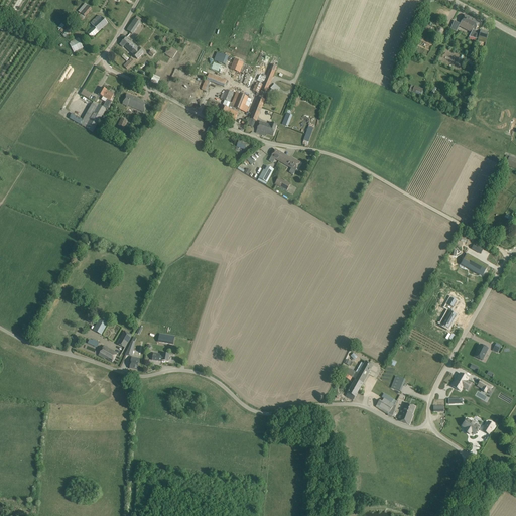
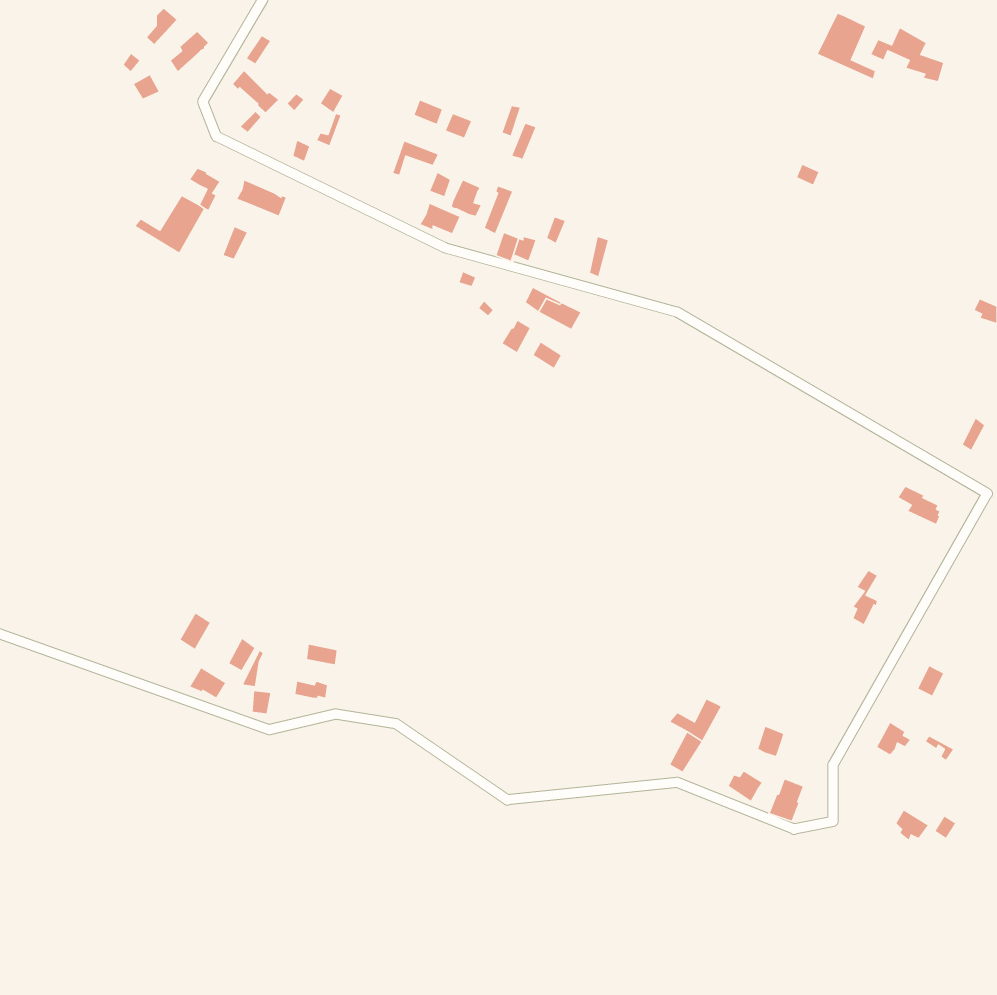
building: none -> [817,13,876,79]

